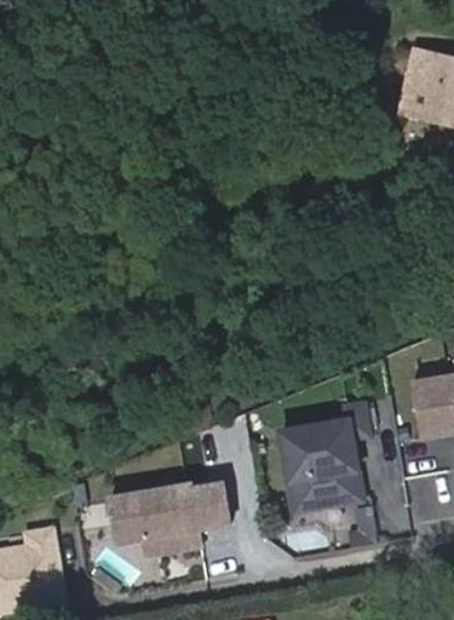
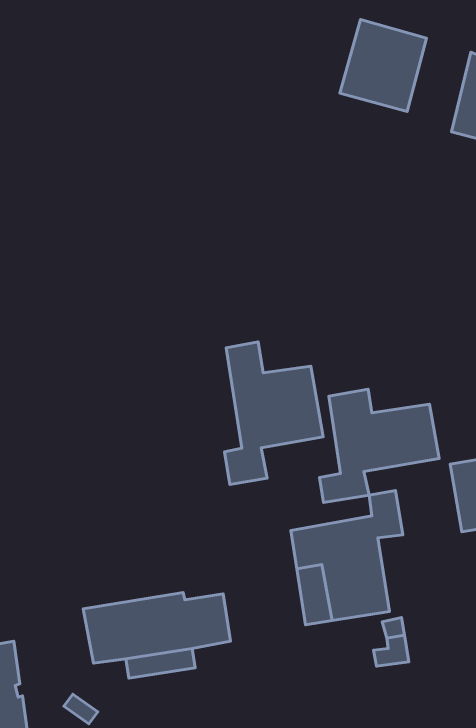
building: none -> [340,20,427,112]
building: none -> [225,342,323,484]
building: none -> [319,389,439,503]

